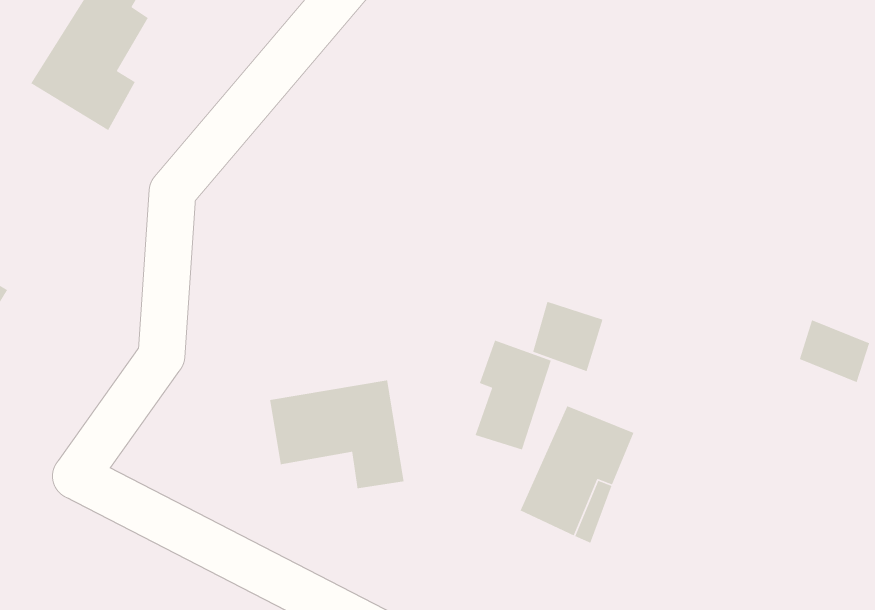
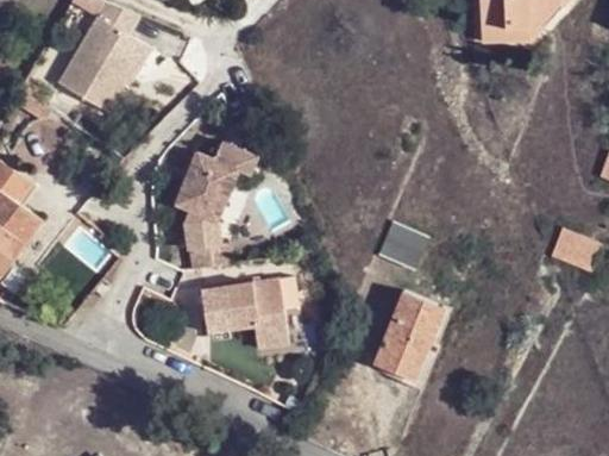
building: none -> [176,148,259,255]
building: [474,339,552,450] -> none

